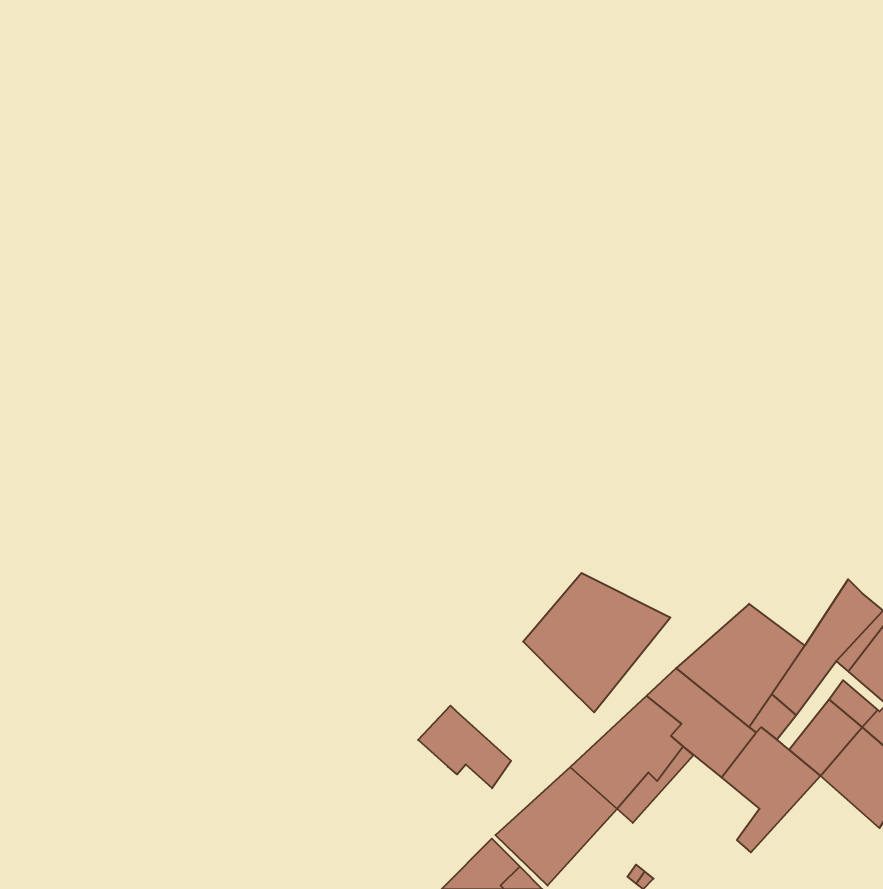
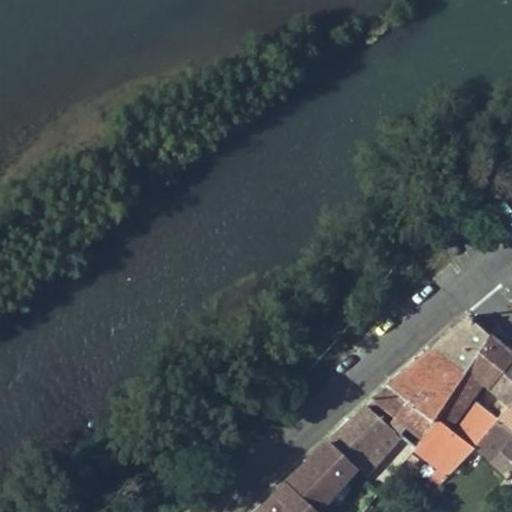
building: none -> [434,315,491,371]
building: [523,573,670,712] -> none
building: [418,706,511,788] -> none

